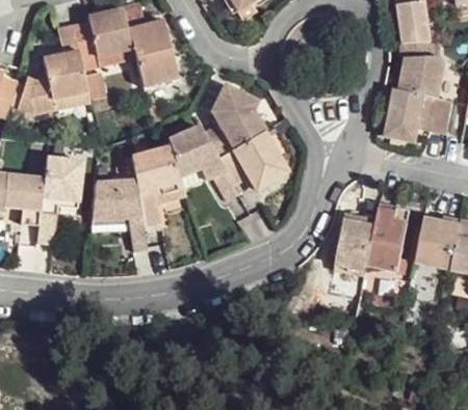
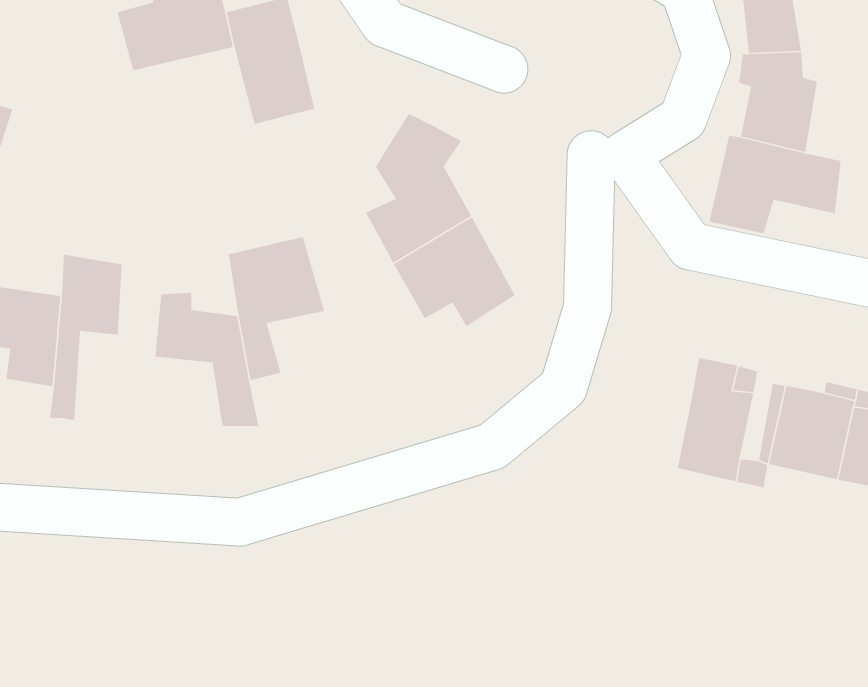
building: [19,26,92,113] -> none
building: [170,125,238,200] -> none
building: [335,221,374,272] -> none

